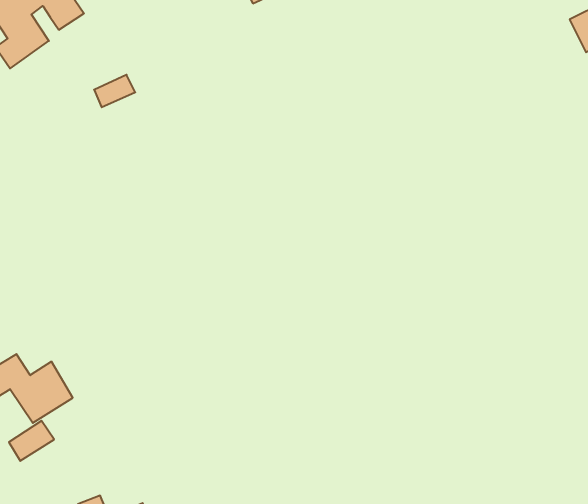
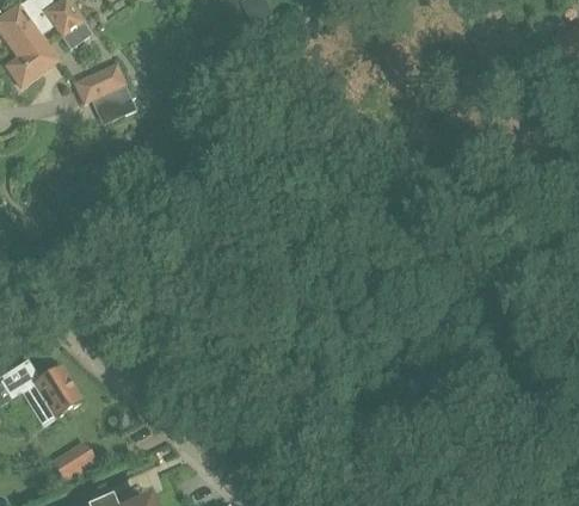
building: none -> [72,61,127,103]
building: [9,421,54,461] -> [51,442,94,480]

